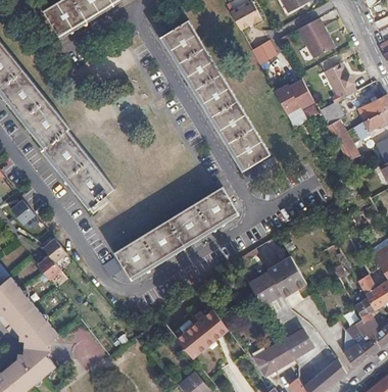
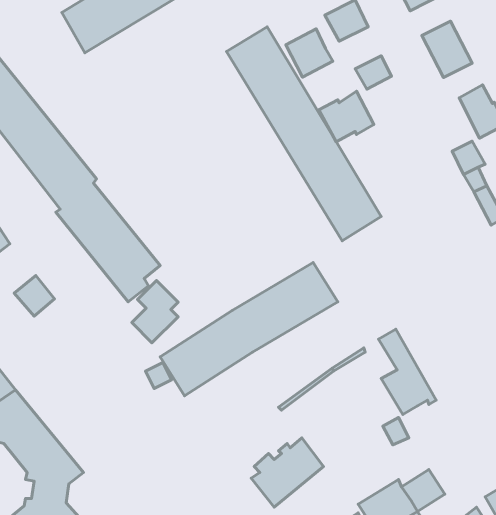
building: none -> [286,29,333,77]
building: [276,77,314,112] -> [319,91,374,142]
building: [39,235,71,279] -> [132,281,178,343]
building: [247,268,283,304] -> none

